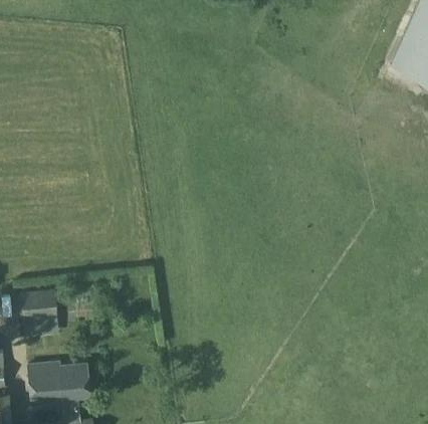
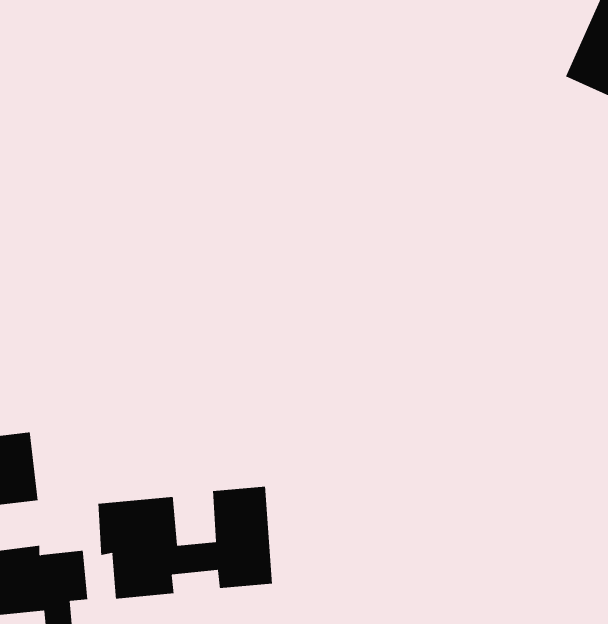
building: none -> [98,486,272,599]

